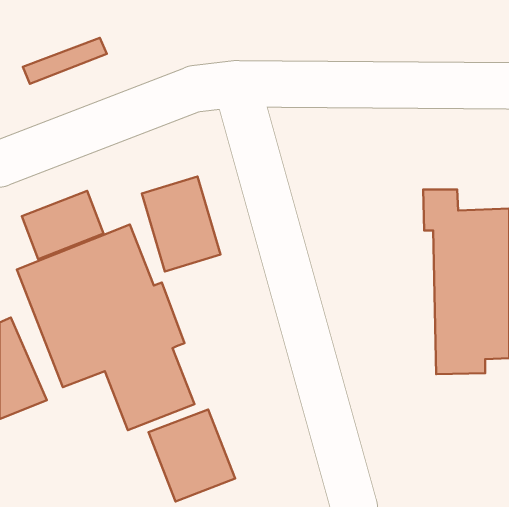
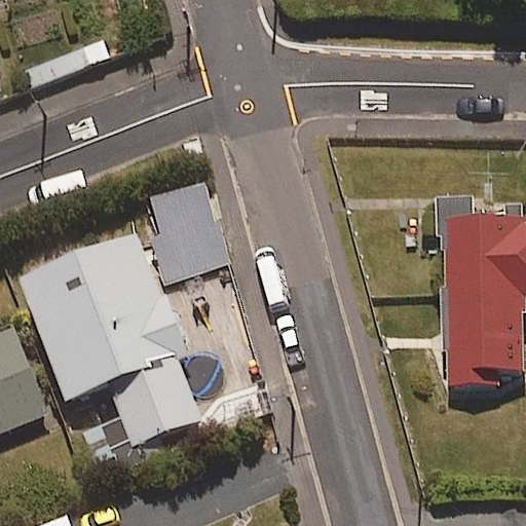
building: [22,191,103,259] -> none
building: [149,410,235,501] -> none

